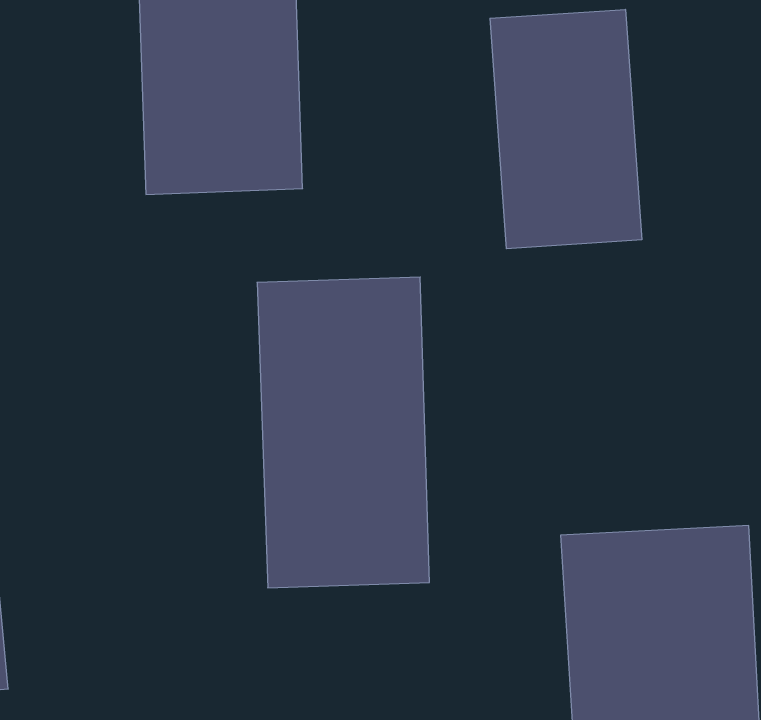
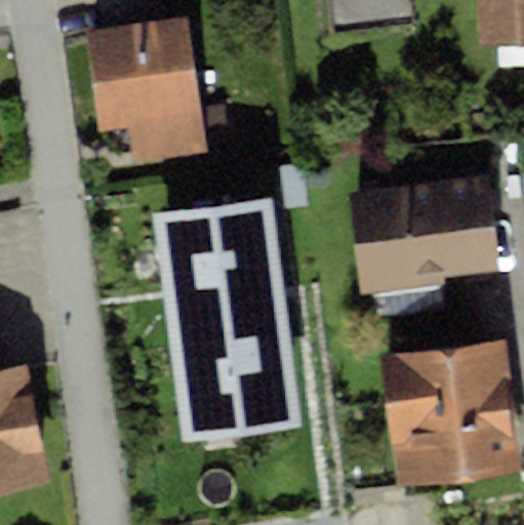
building: [490,9,642,249] -> none
building: none -> [346,181,496,298]

